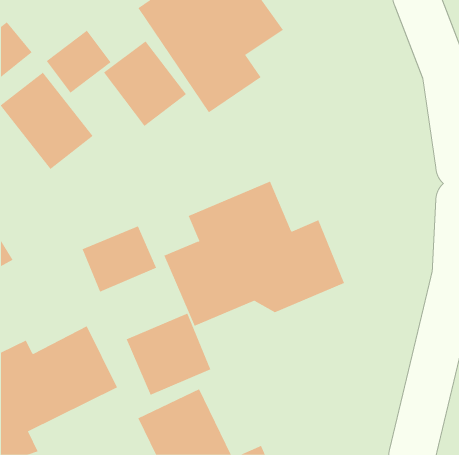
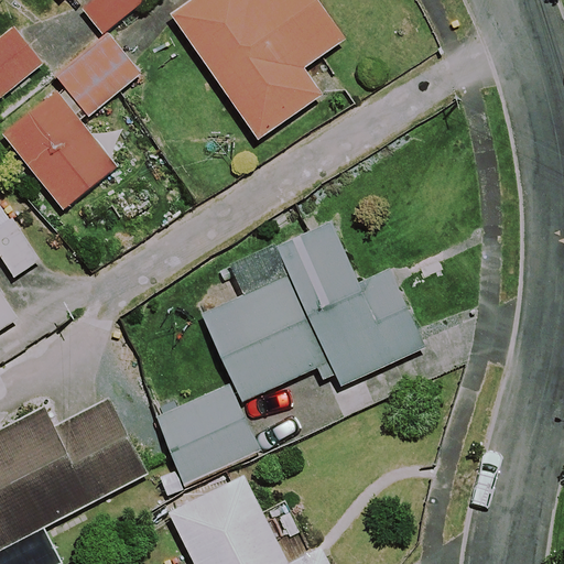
building: [103,41,187,127] -> none
building: [82,225,157,292] -> none

